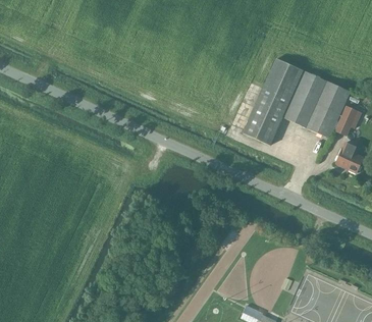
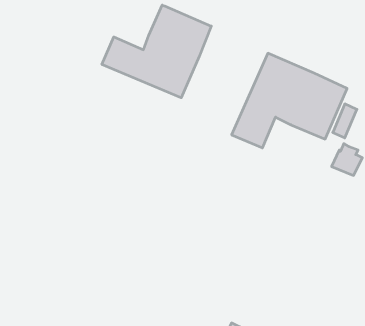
building: none -> [102,5,211,98]

